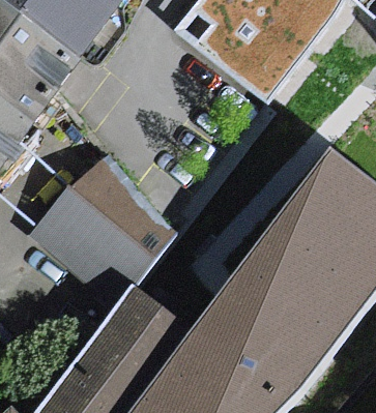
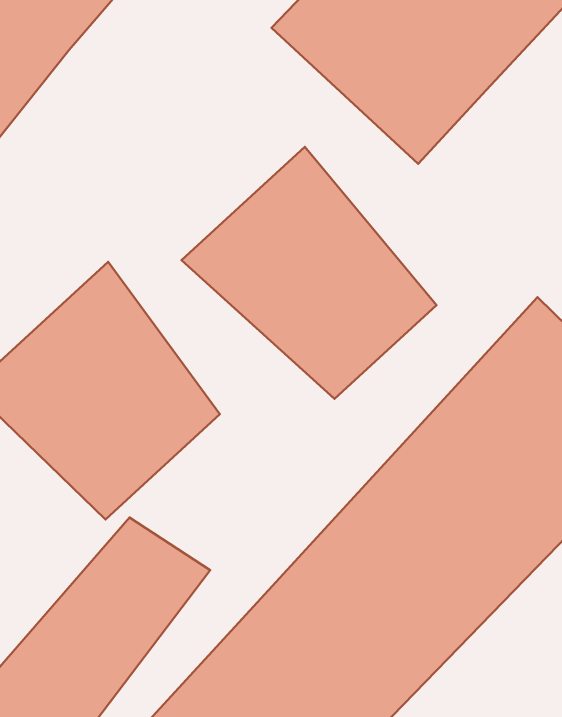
building: none -> [182,147,437,399]

